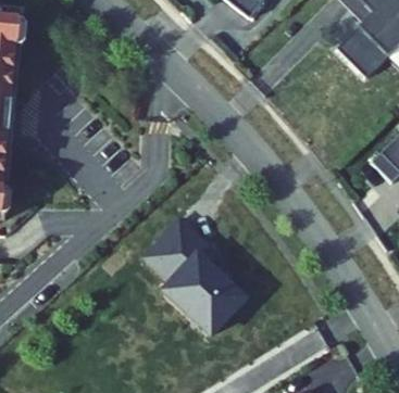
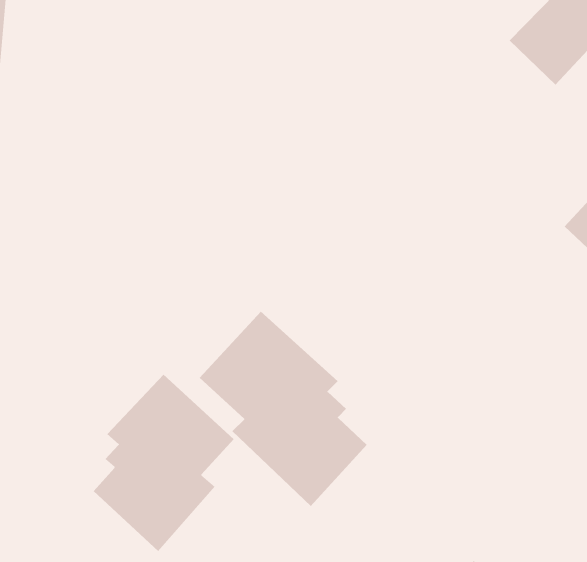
building: none -> [93,374,235,552]

